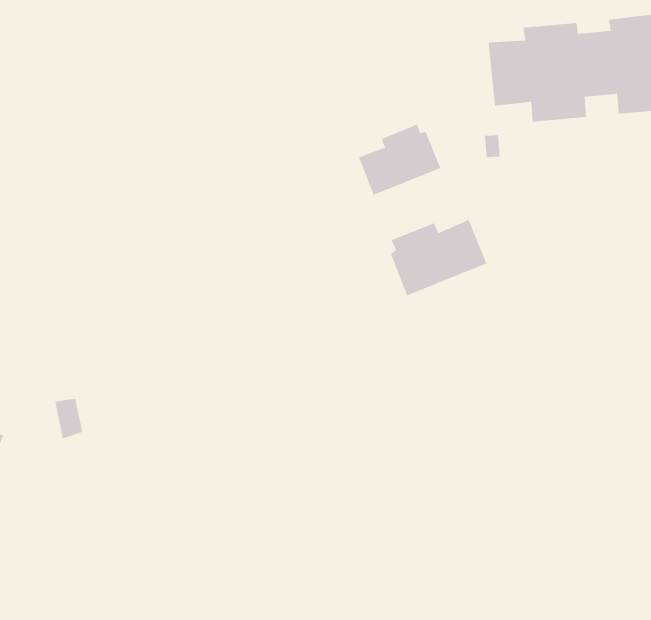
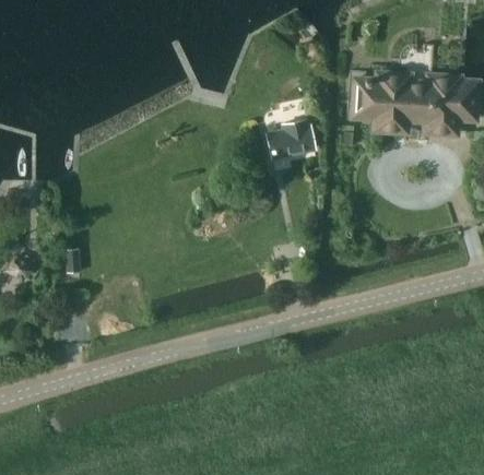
building: [390,219,487,296] -> none

